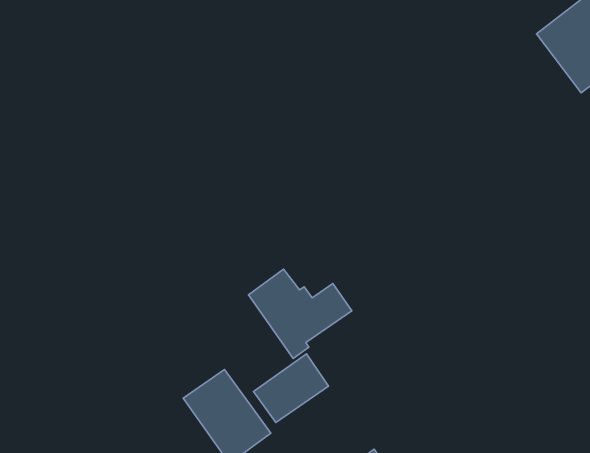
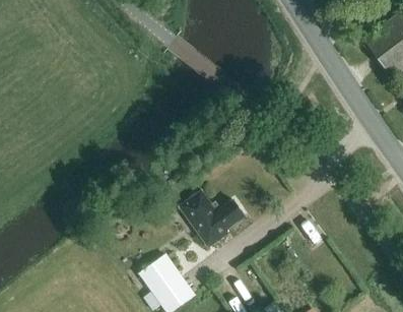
building: [253,354,329,422] -> none

